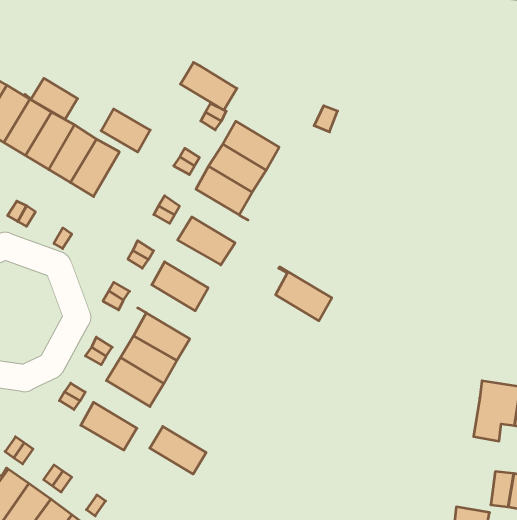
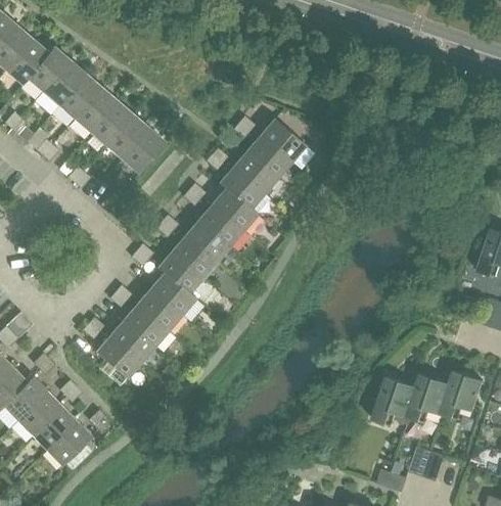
building: [180,62,237,110] -> [261,119,305,160]
building: [24,78,78,119] -> none
building: [101,109,150,152] -> none
building: none -> [185,220,229,262]
building: [276,267,332,321] -> [213,182,257,230]
building: none -> [157,251,202,300]
building: none -> [372,377,415,425]
building: [150,426,206,474] -> [109,321,153,363]

